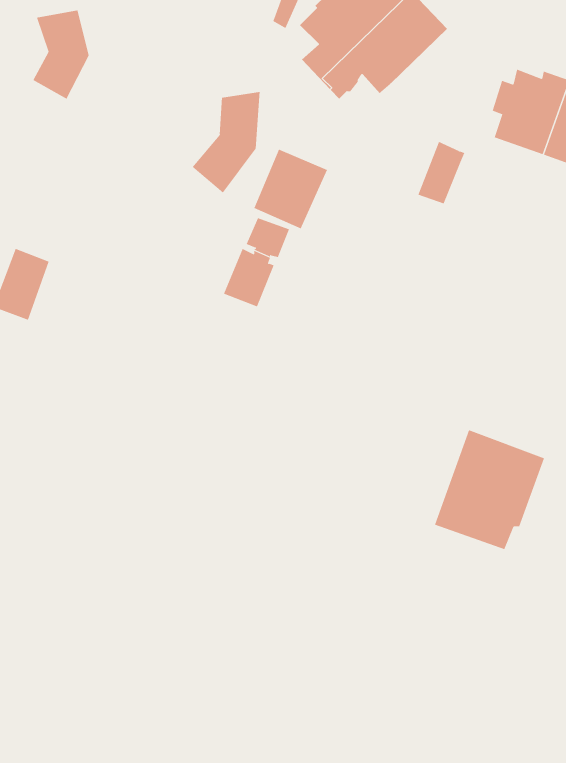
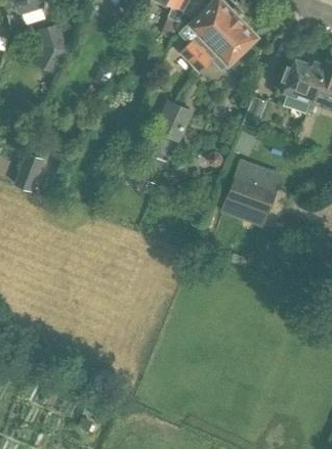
building: [192,91,260,193] -> none
building: [434,430,545,550] -> [223,160,283,224]

